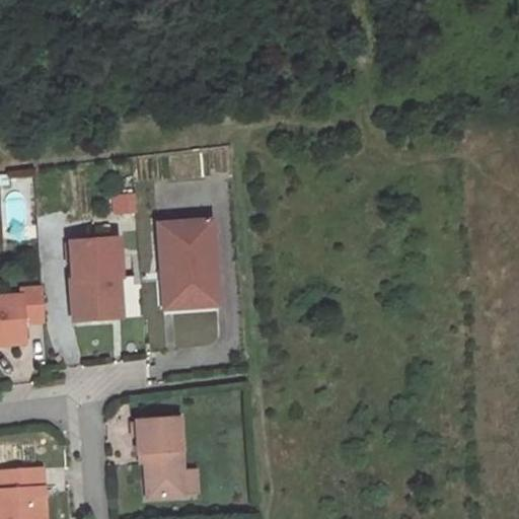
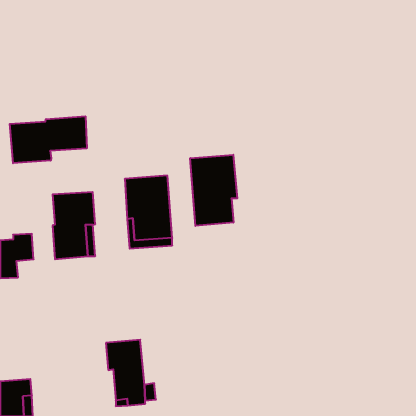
building: none -> [10,116,87,163]
building: none -> [190,155,237,226]

